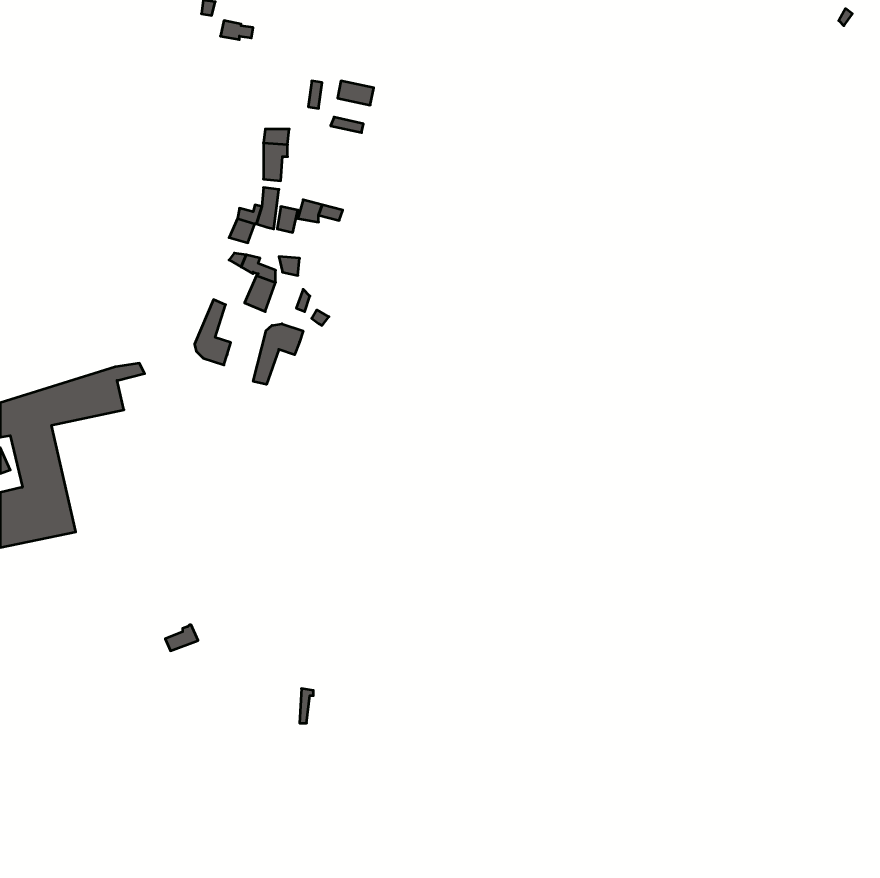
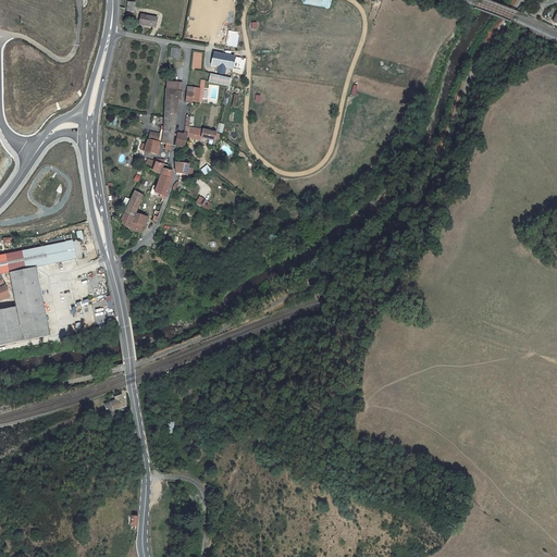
building: [253,324,303,384] -> none

